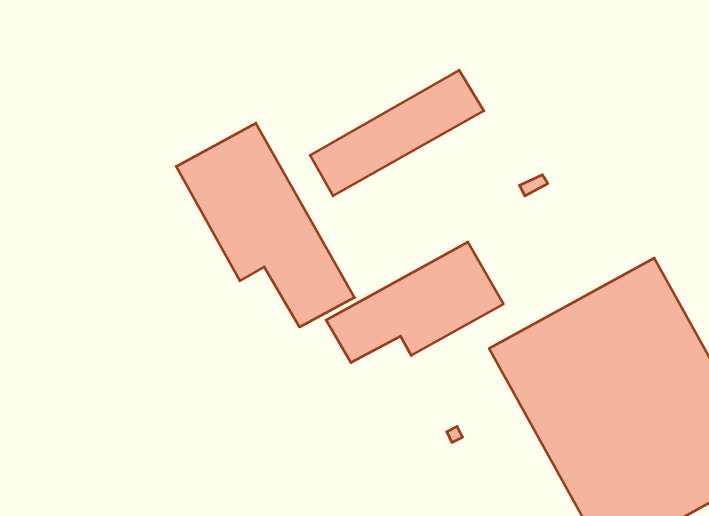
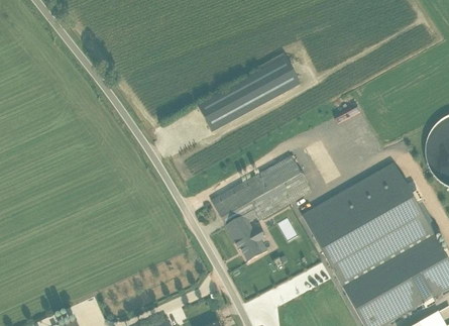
building: [176,123,355,327] -> none
building: none -> [224,211,267,260]

